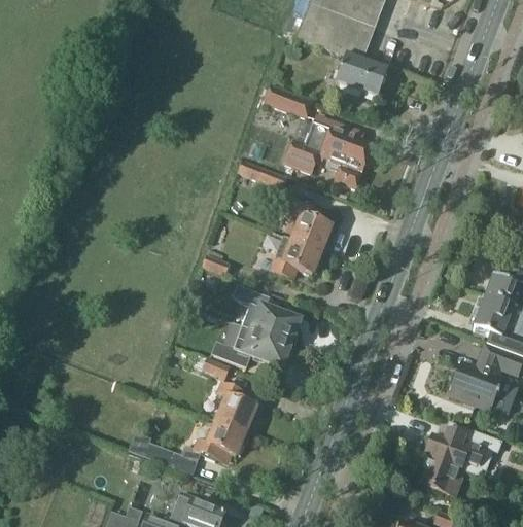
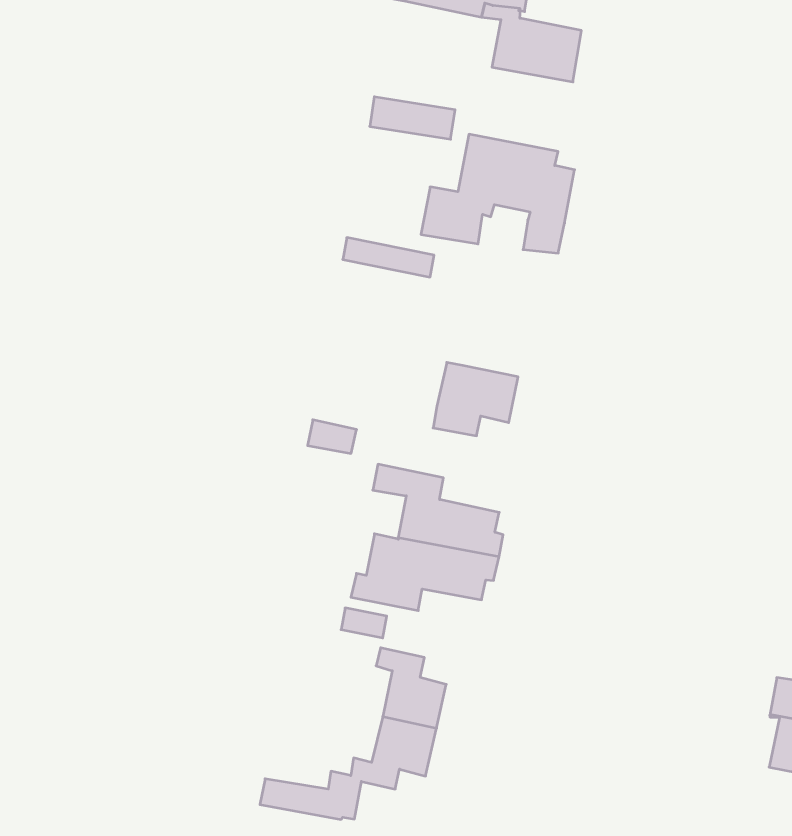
building: [292,202,330,250] -> none

